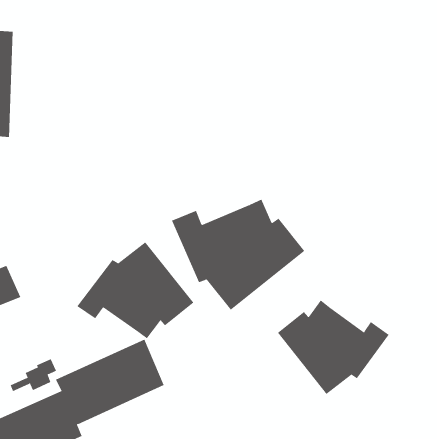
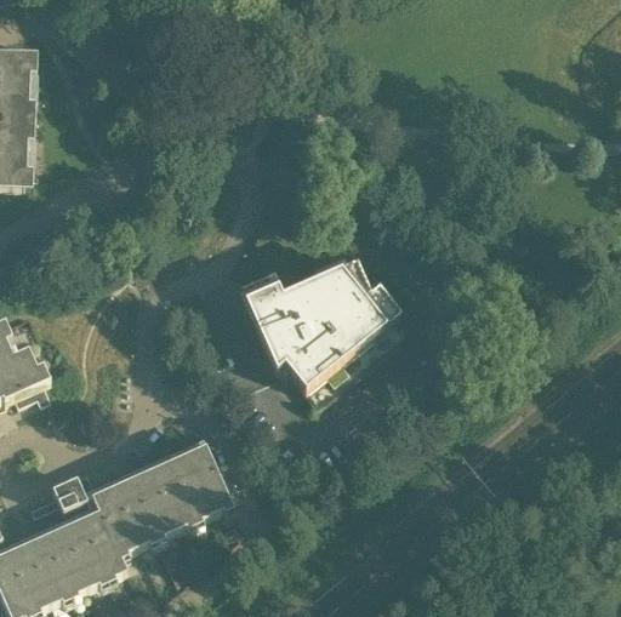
building: [76,241,194,339] -> none
building: [277,300,389,395] -> none

